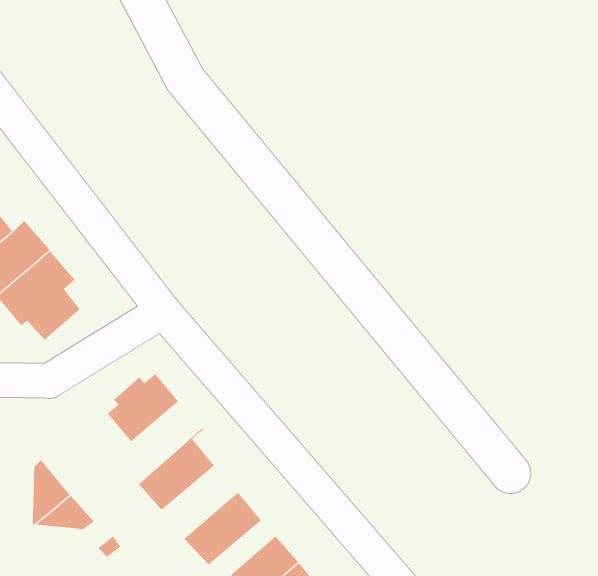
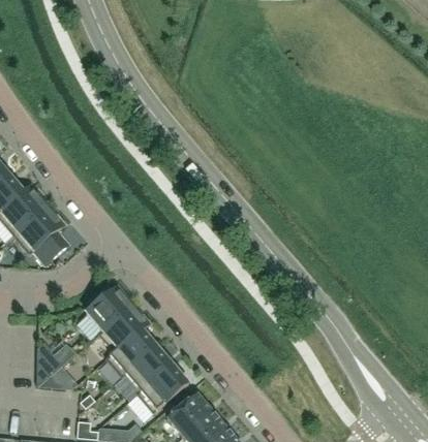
building: none -> [98,304,149,358]
building: none -> [122,346,173,394]

